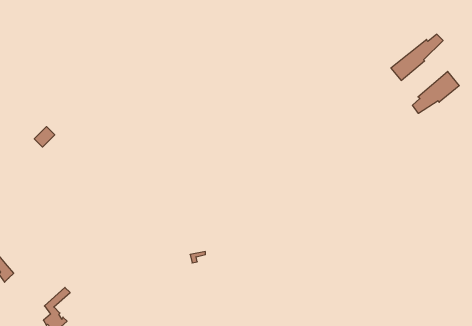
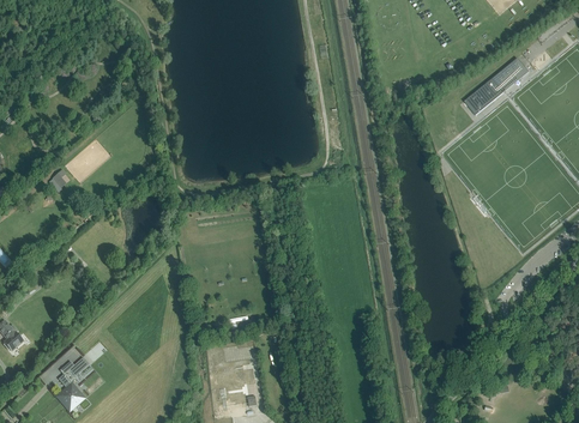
building: [412,71,459,113] -> none

